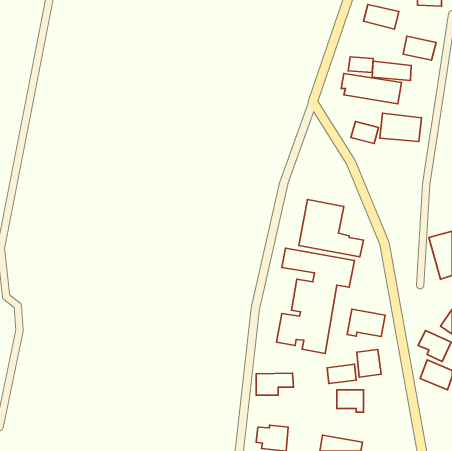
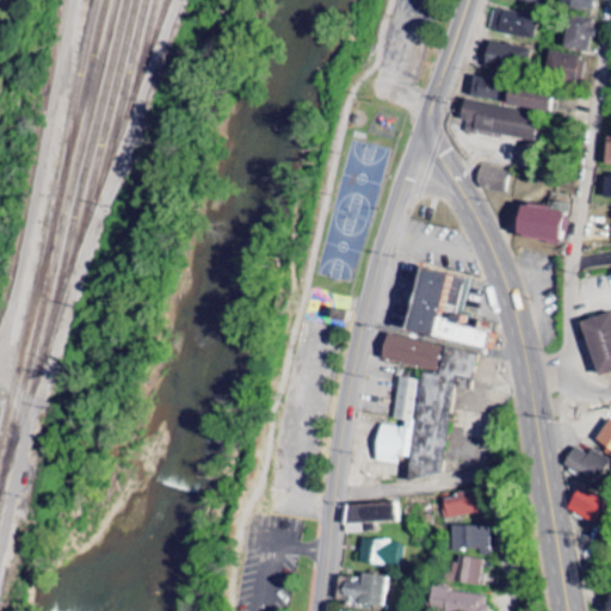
building: none -> [564,14,595,50]
building: none -> [481,39,524,72]
building: [380,113,422,142] -> [512,204,568,242]
building: [347,309,385,336] -> none
building: [357,349,381,377] -> none
building: none -> [359,537,405,567]
building: none -> [451,554,486,585]

